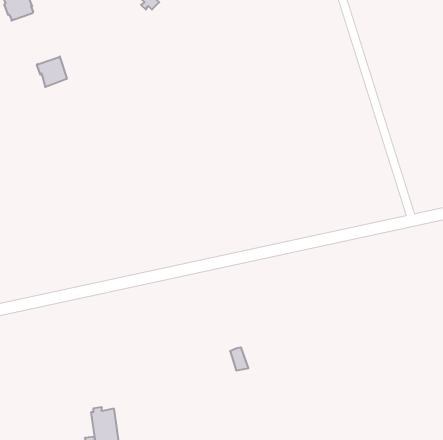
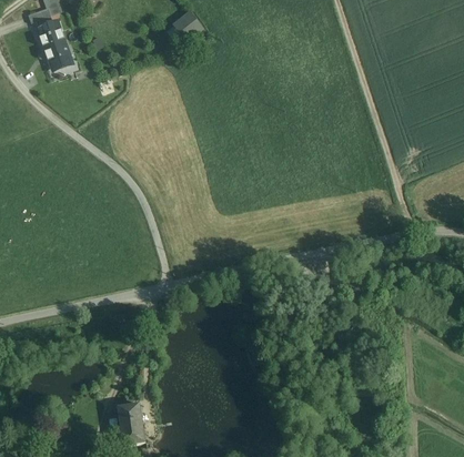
building: [37,56,67,87] -> [46,43,73,71]

